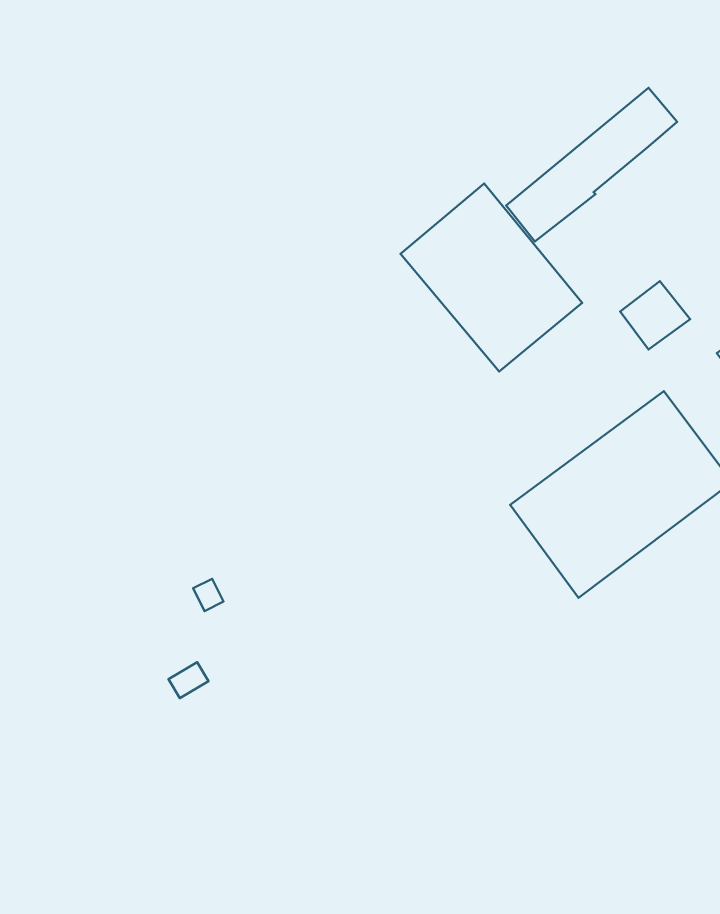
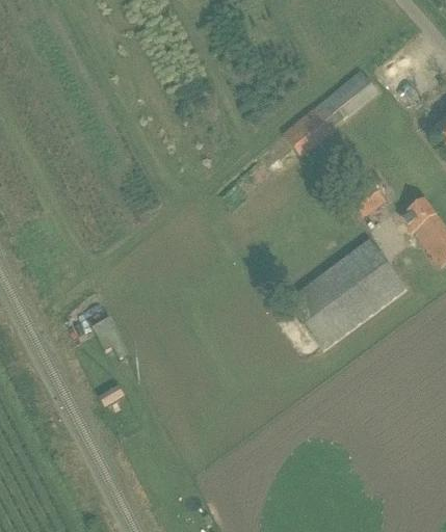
building: [401,184,582,371] -> none

